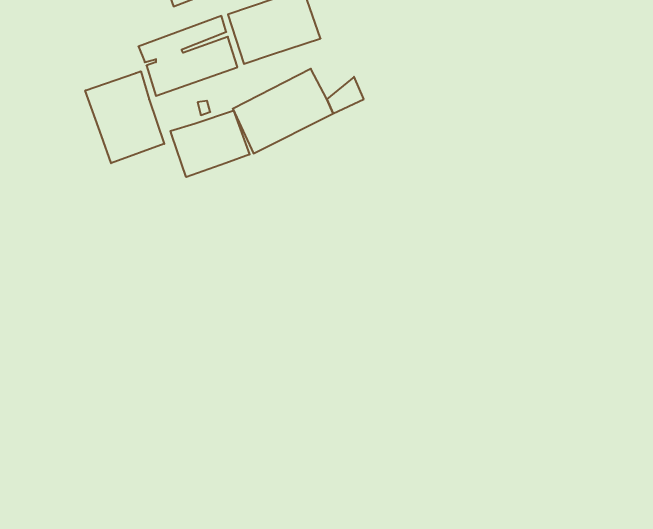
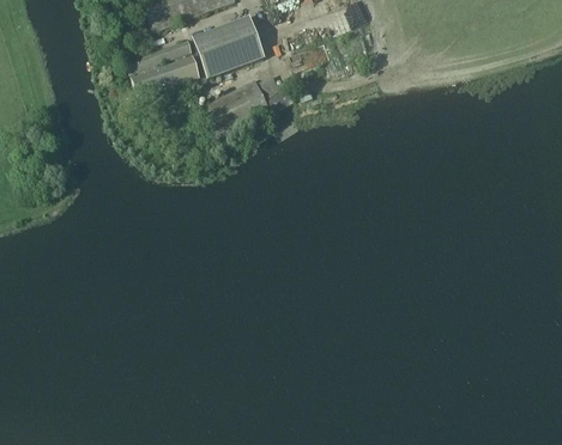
building: [85,71,164,163] -> none
building: [170,110,250,177] -> none

